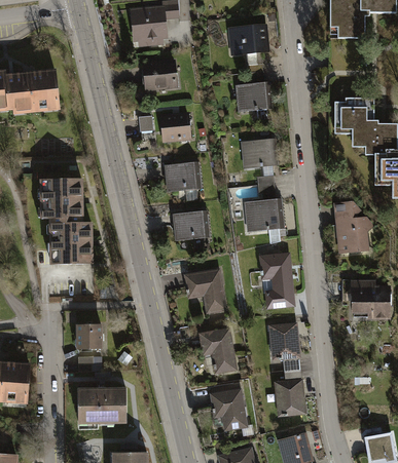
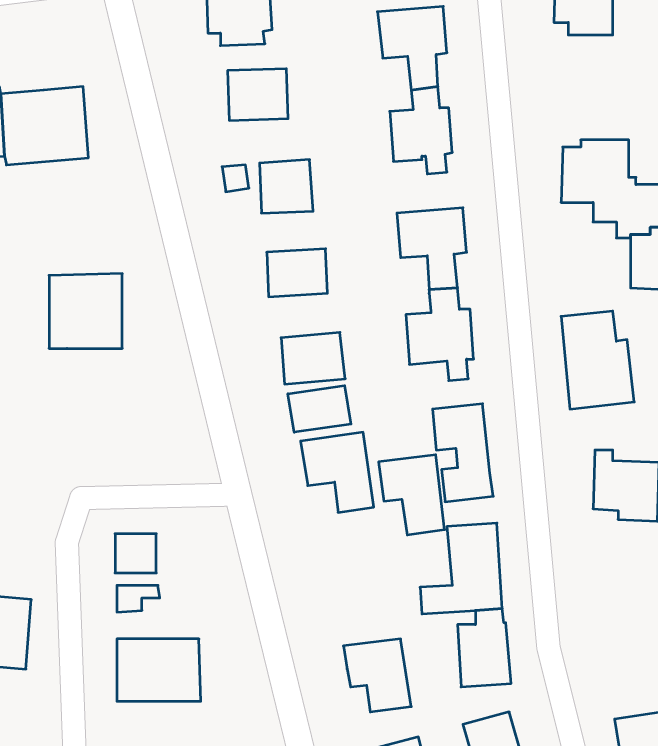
building: [49,221,93,264] -> none
building: none -> [288,386,351,432]
building: [198,327,237,374] -> [379,455,445,535]

